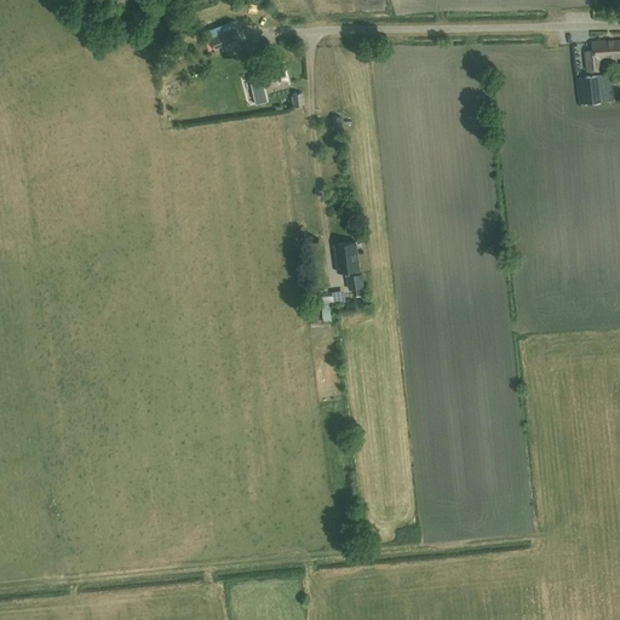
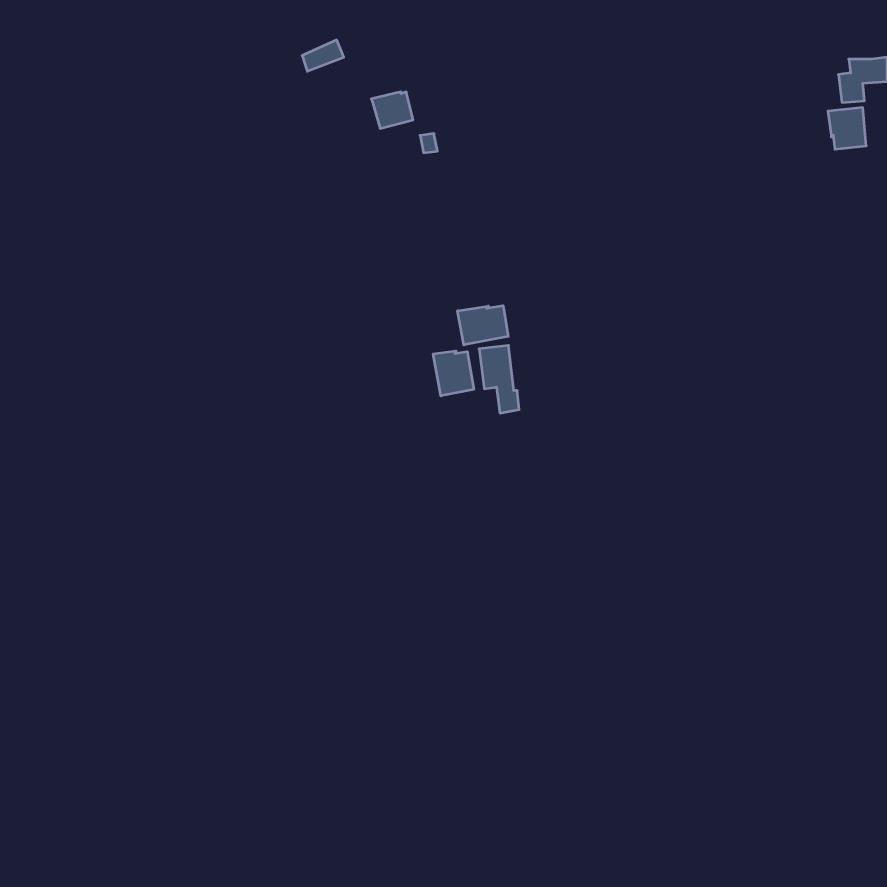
building: none -> [458,306,508,345]
building: none -> [433,351,474,396]

